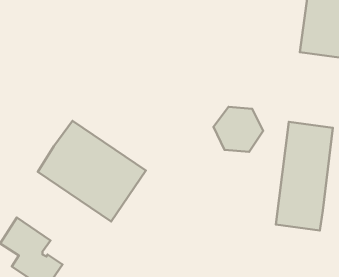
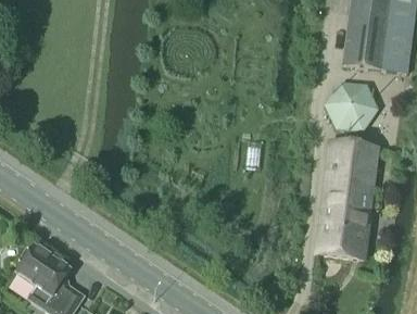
building: [213,107,263,152] -> [325,83,379,131]
building: [38,121,146,222] -> none

